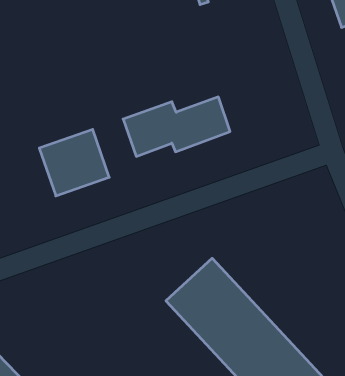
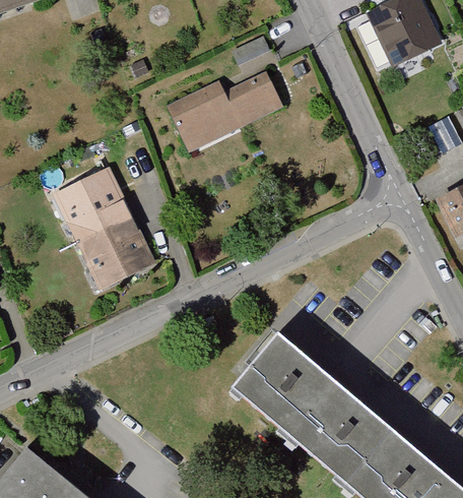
building: none -> [52,163,132,237]
building: [123,97,230,156] -> [166,65,285,141]

